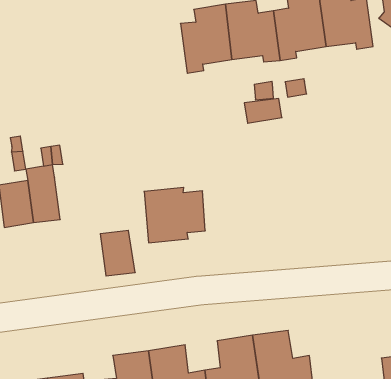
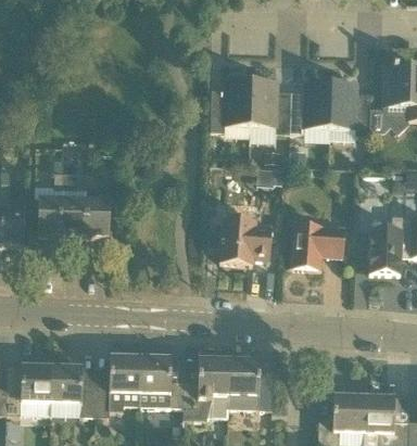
building: none -> [286,222,345,268]
building: [144,187,205,243] -> [219,217,271,263]
building: [100,230,135,276] -> [85,199,110,235]

